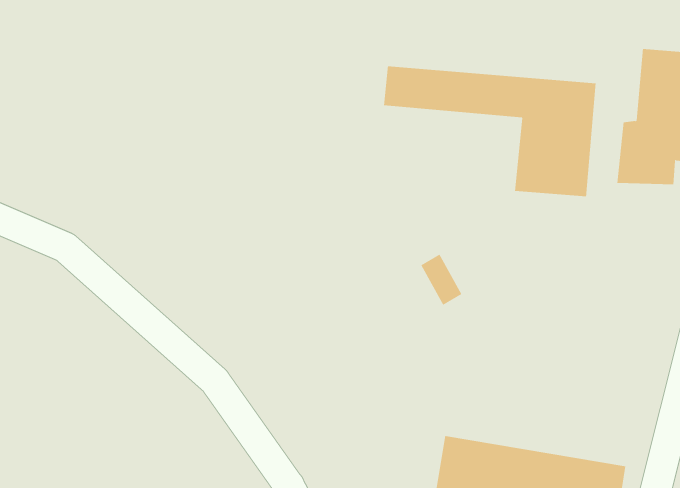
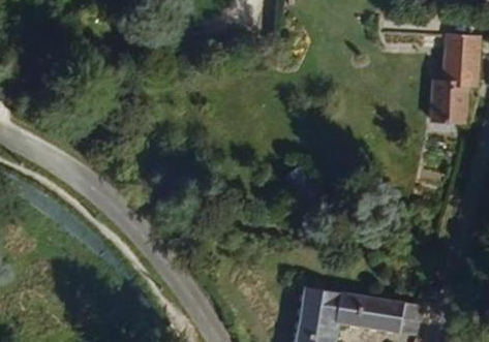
building: [384,65,596,197] -> none

